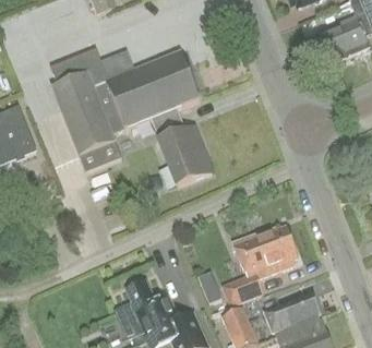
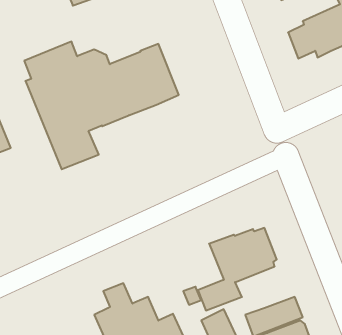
building: [152,108,213,184] -> none

